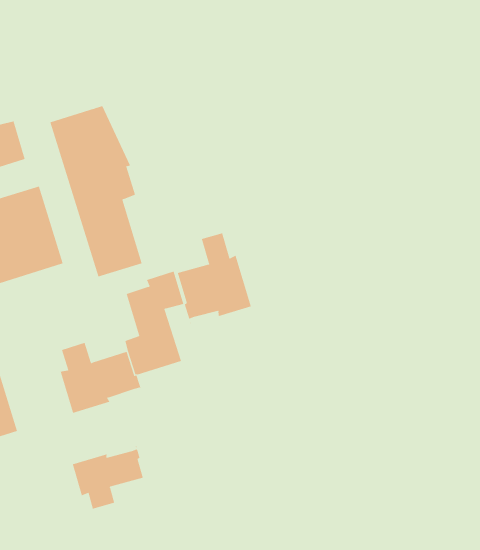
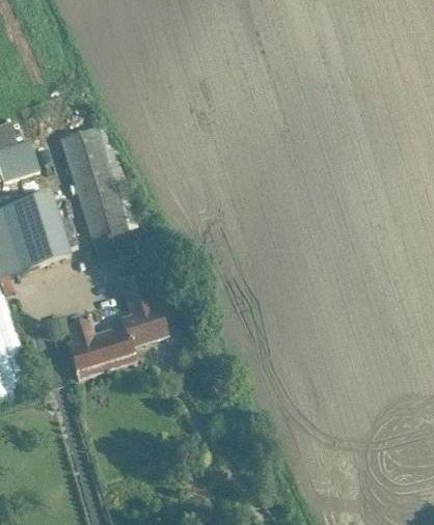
building: [177,233,252,325] -> none
building: [72,445,143,509] -> none

